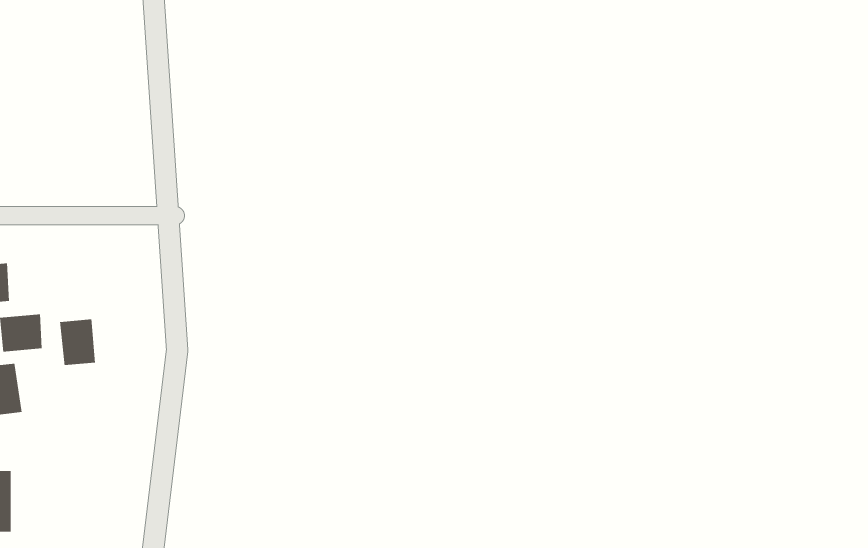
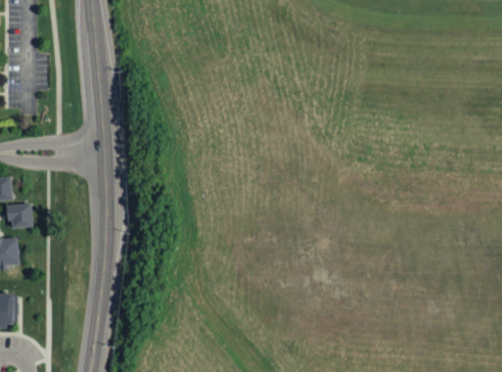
building: [59,319,95,366] -> none

